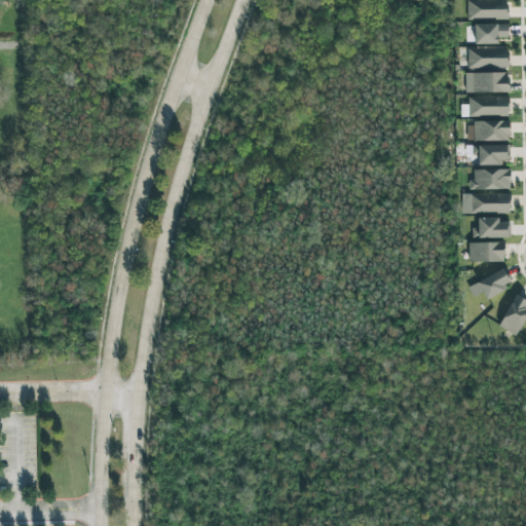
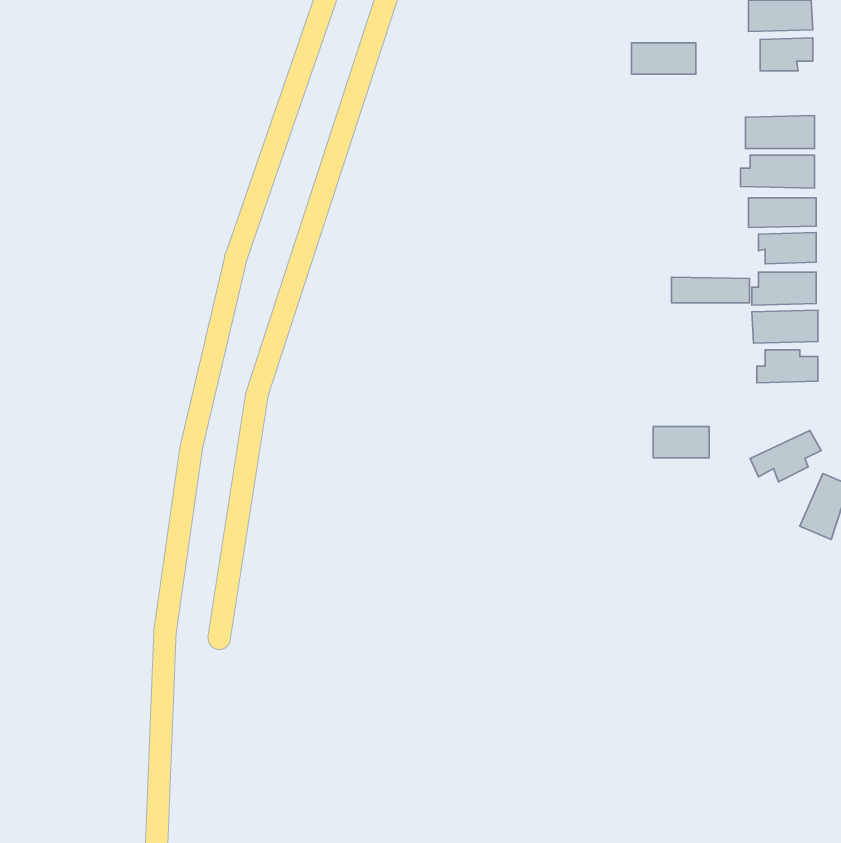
building: [467,48,508,68] -> [632,43,696,74]
building: none -> [672,277,750,303]
building: [469,242,504,262] -> [653,426,709,458]

